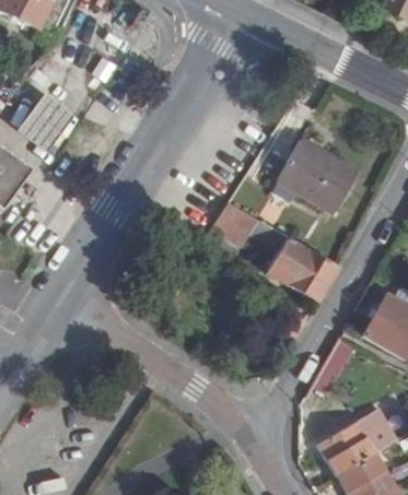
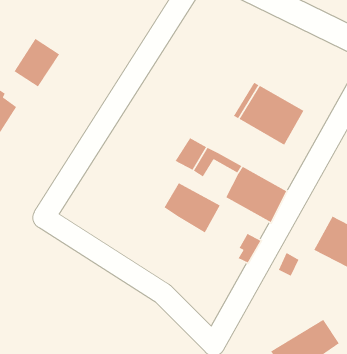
building: none -> [164,182,221,233]

